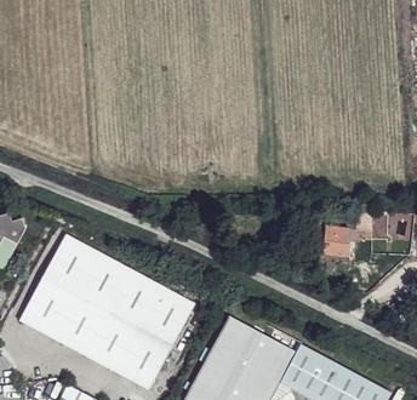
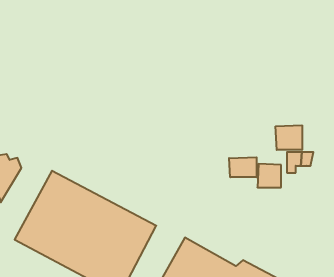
building: none -> [276,125,302,150]
building: none -> [229,157,257,177]

